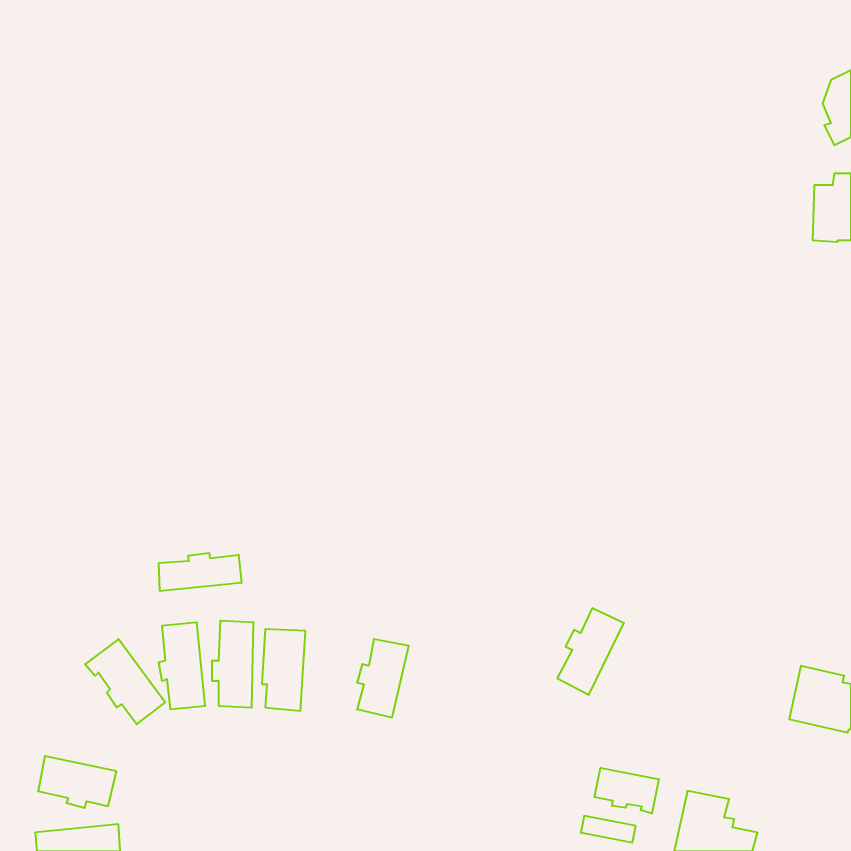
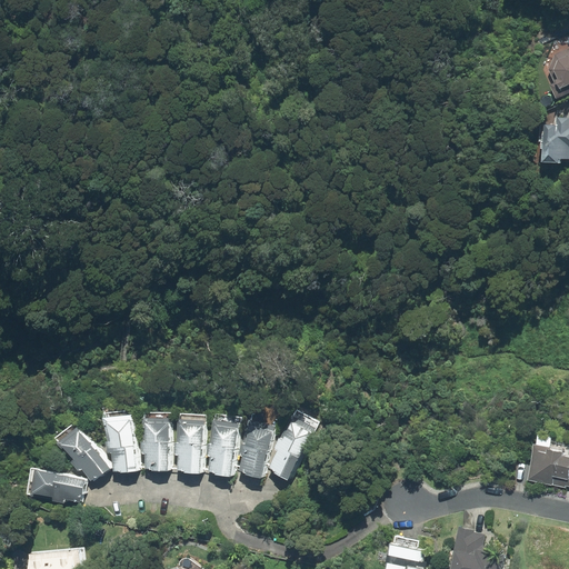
building: [159,553,242,591] -> none
building: [557,608,624,695] -> [268,422,312,480]
building: none -> [207,419,238,476]
building: [38,756,116,808] -> [33,469,86,503]
building: [594,768,659,813] -> none

